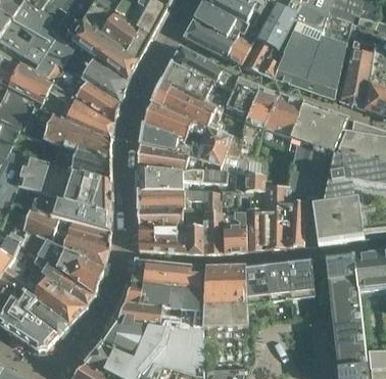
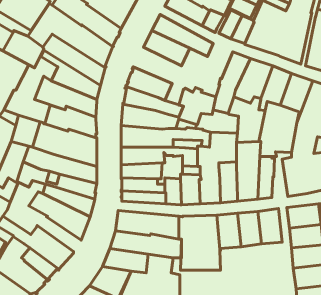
building: [227,77,260,115] -> none
building: [151,81,220,130] -> none
building: [28,251,94,304] -> none

